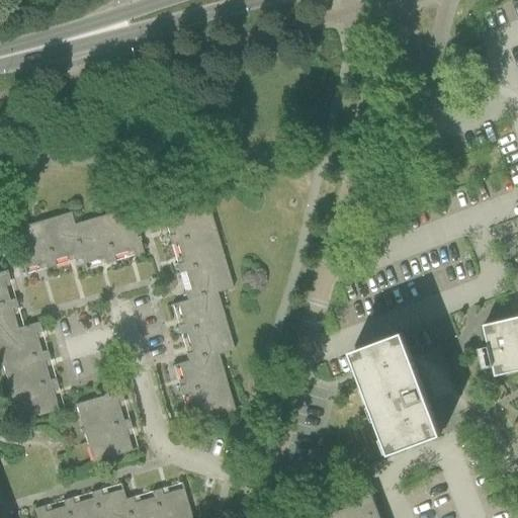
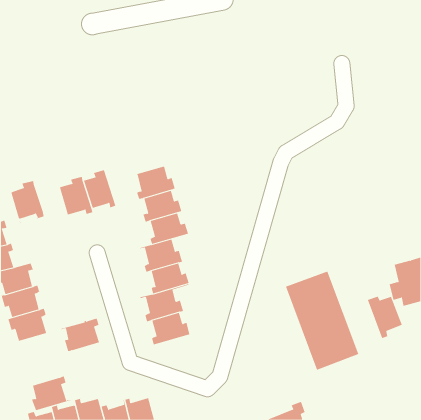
building: [42,213,81,261] -> none
building: none -> [367,291,402,339]
building: [87,419,137,462] -> [31,376,72,411]

